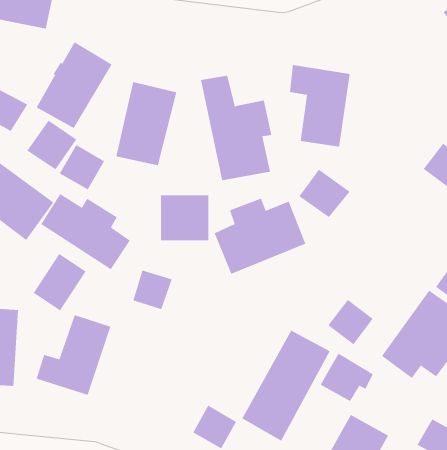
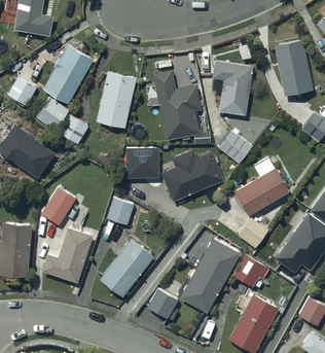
building: none -> [275,40,311,95]
building: [40,193,130,270] -> none
building: none -> [234,157,289,216]
building: none -> [100,239,154,296]

